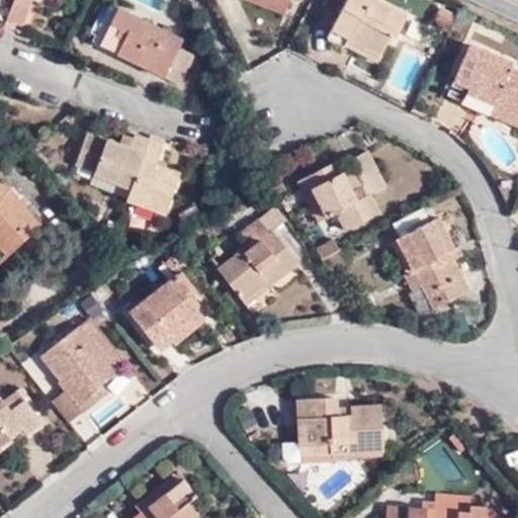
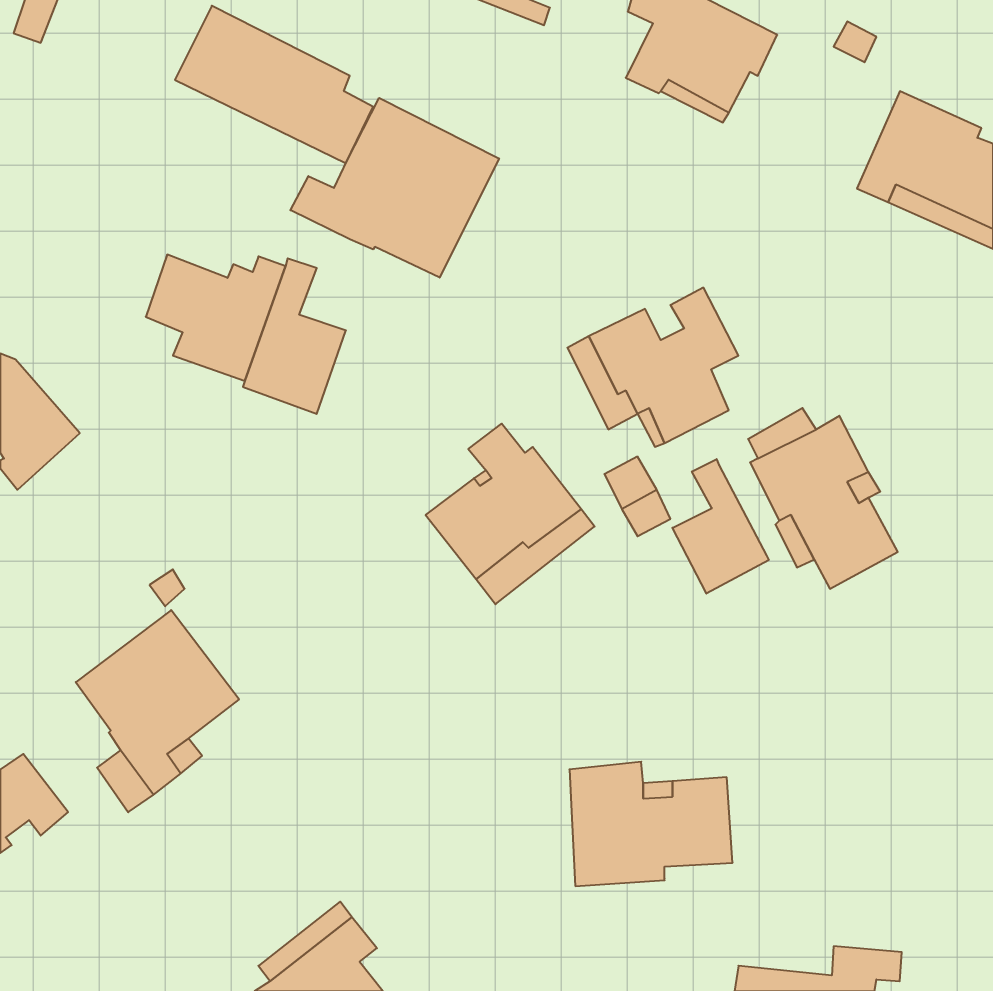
building: none -> [290,98,499,278]
building: none -> [672,459,769,594]
building: [131,271,208,350] -> none

